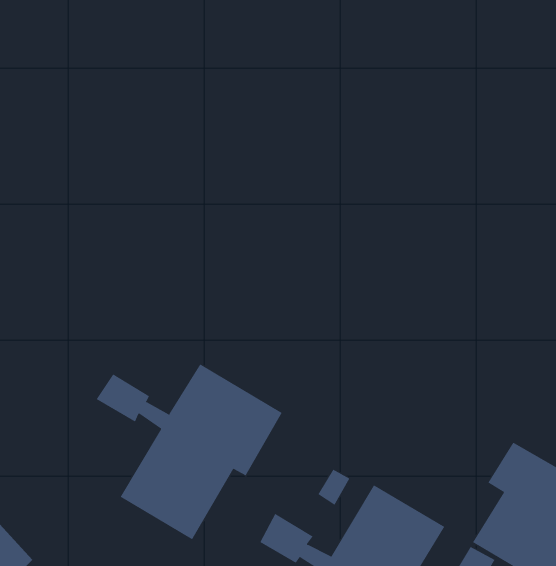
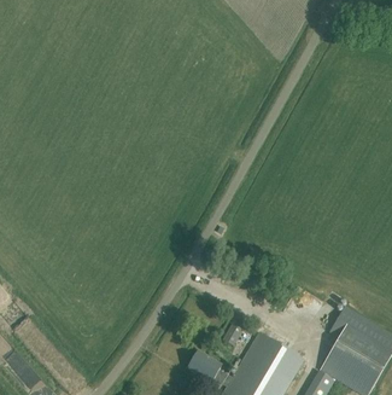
building: [96,364,282,540] -> none

